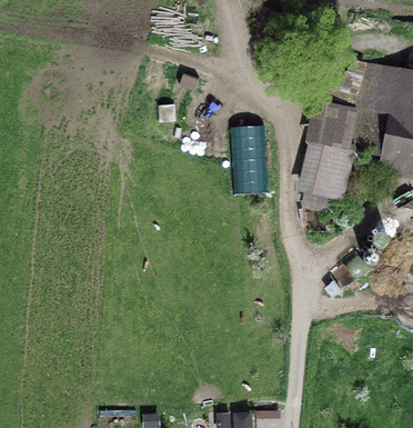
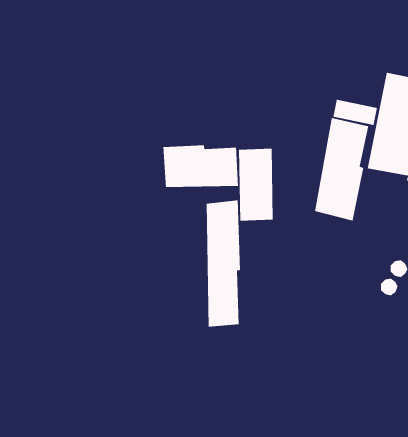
building: none -> [162,145,239,188]
building: none -> [206,199,241,327]

